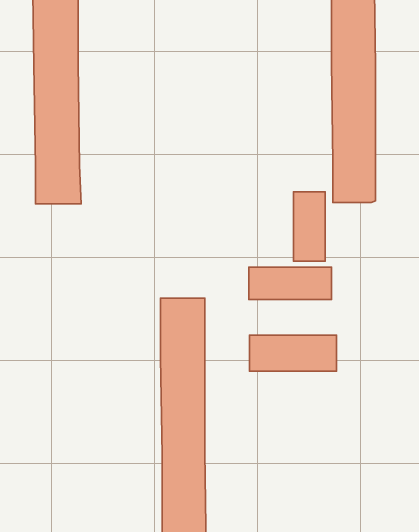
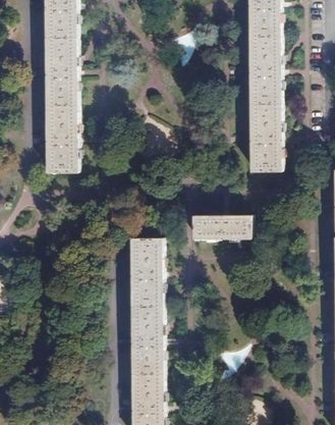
building: [293,192,325,261] -> none
building: [249,335,337,371] -> none

